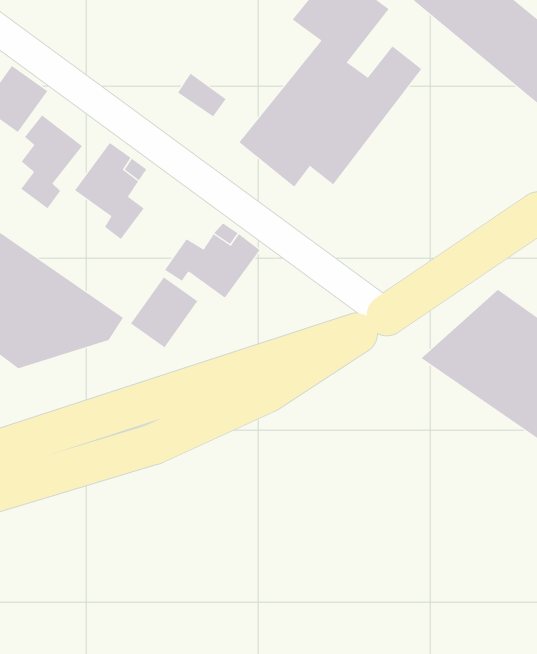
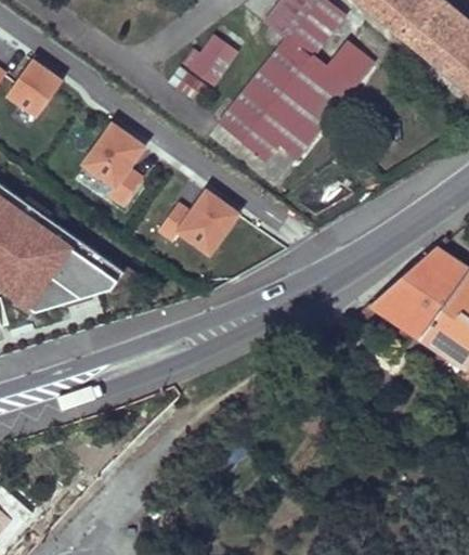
building: none -> [188,35,237,85]
building: [21,114,83,209] -> none
building: [130,277,198,348] -> none

